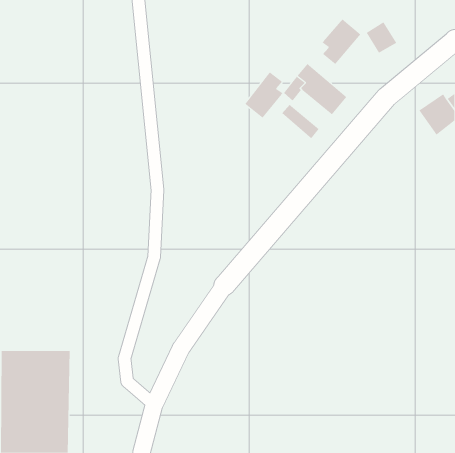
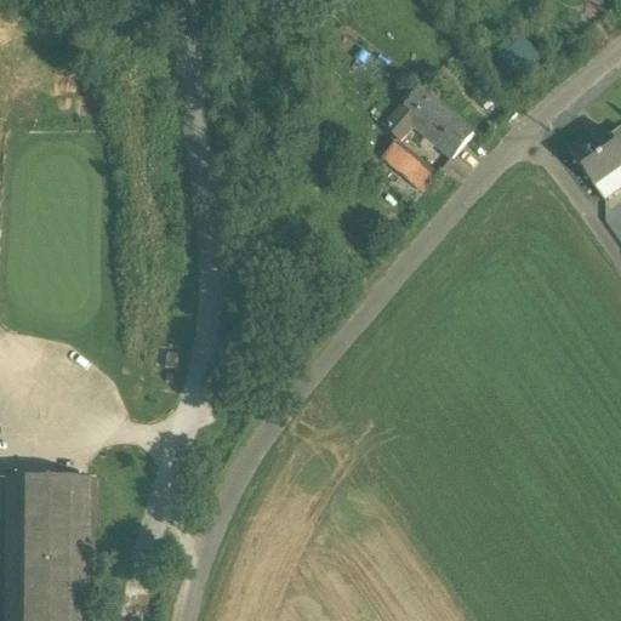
building: [322,19,361,65] -> none
building: [244,72,283,118] -> none

